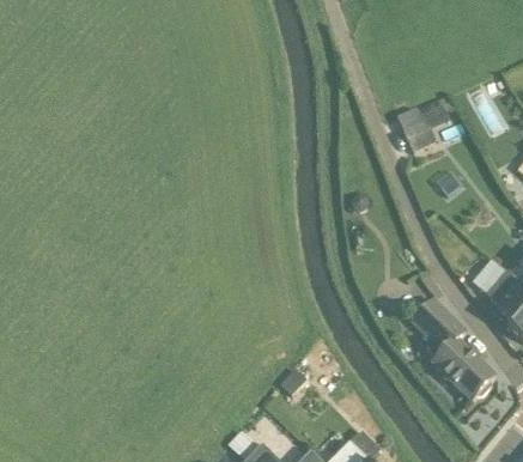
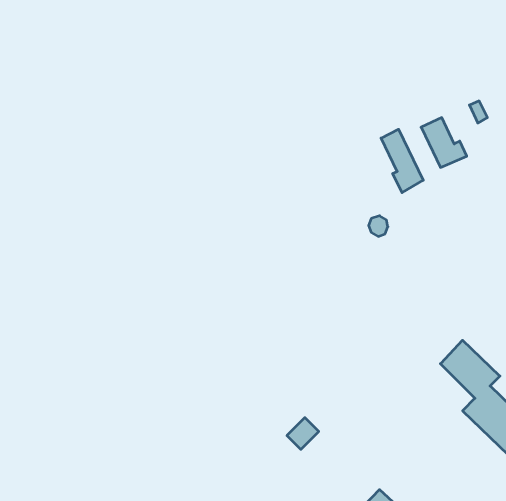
building: none -> [381,129,423,193]

